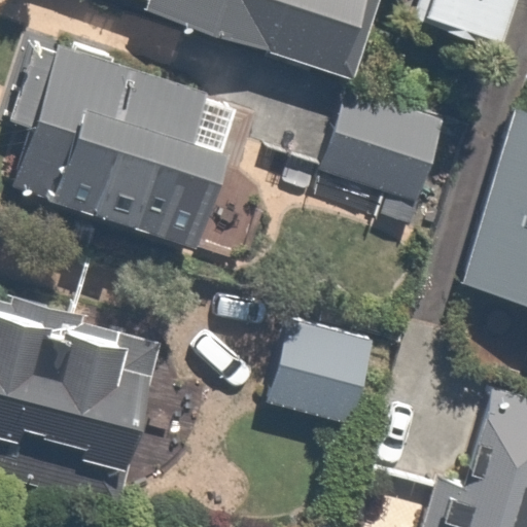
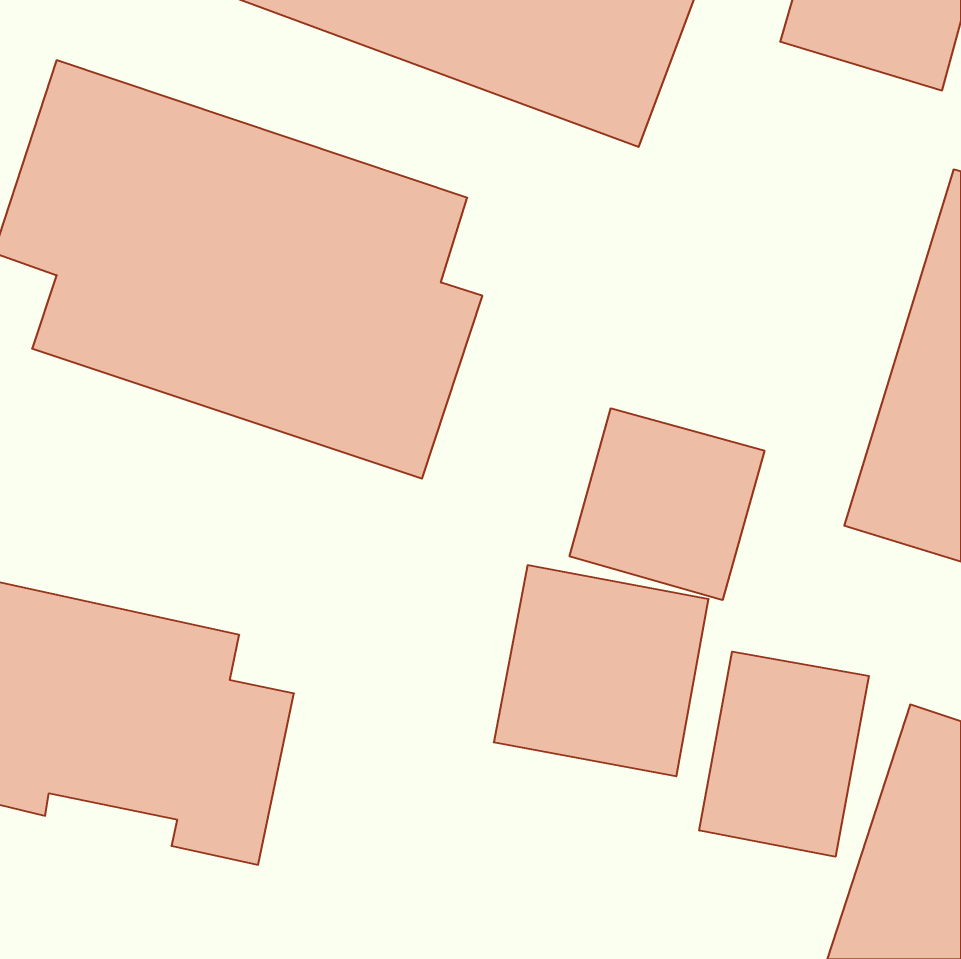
building: [319,91,441,225] -> none
building: none -> [570,408,764,600]
building: none -> [699,652,869,857]

